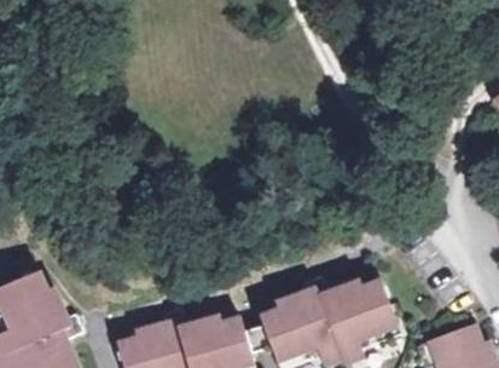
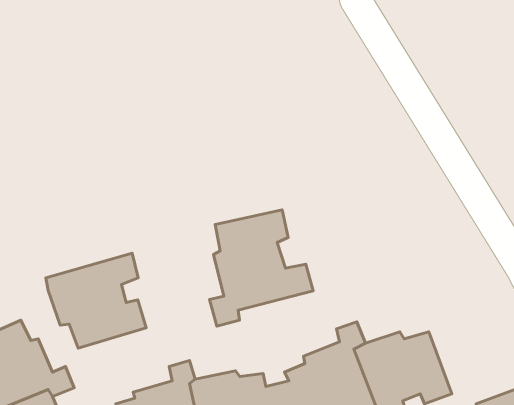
building: none -> [210,210,313,326]
building: none -> [46,253,146,348]

